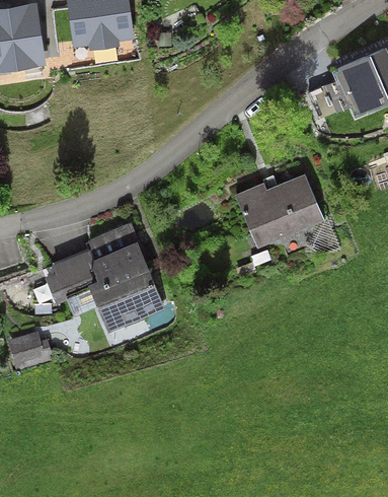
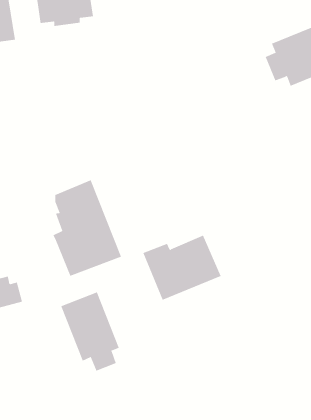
building: [235,173,324,247] -> [142,235,222,301]
building: [46,247,97,304] -> none
building: none -> [60,292,120,372]

